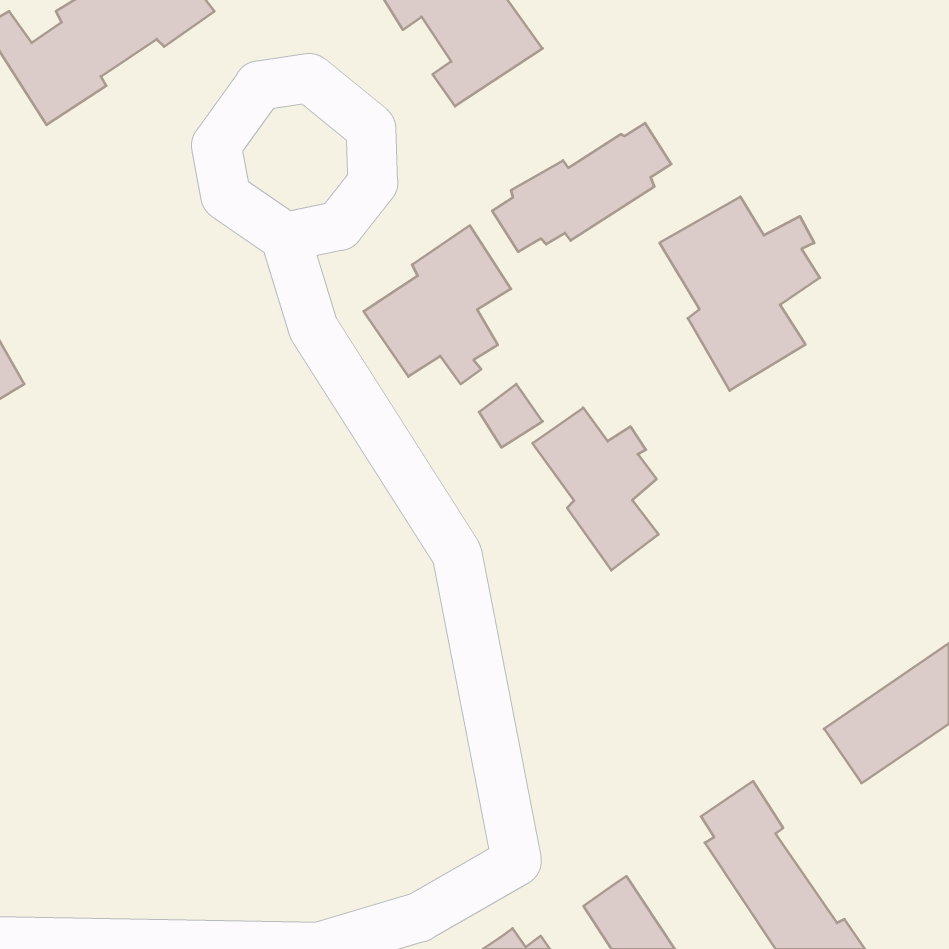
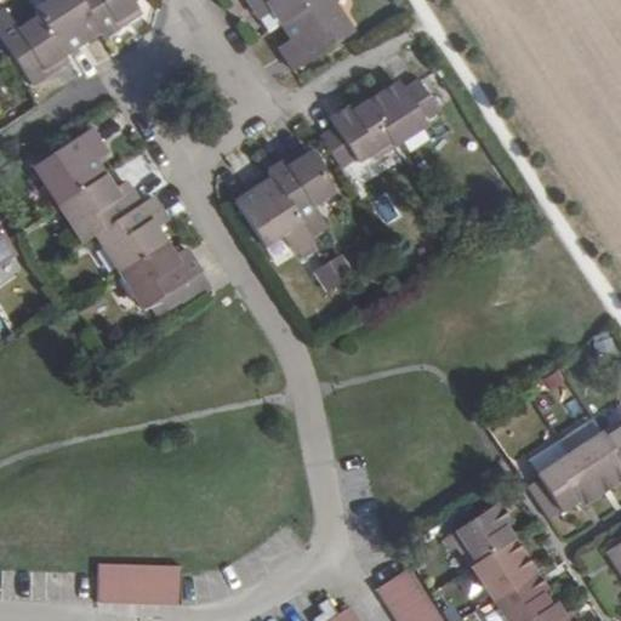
building: none -> [38,126,203,306]
building: [660,197,820,391] -> none
building: [533,408,658,570] -> none
building: none -> [98,566,178,602]

